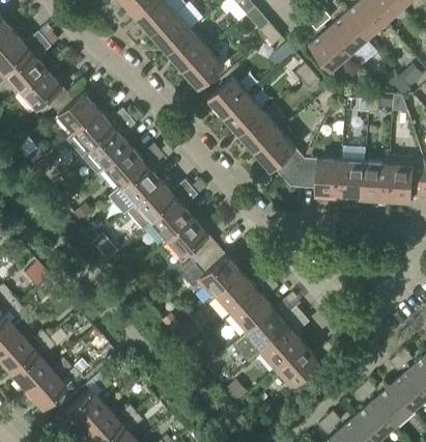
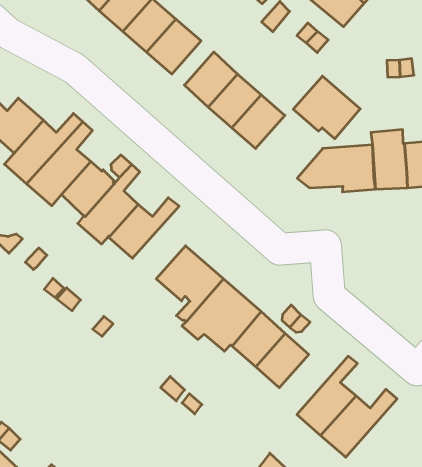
building: [255,131,305,178] -> [293,76,360,139]
building: [146,188,199,244] -> none
building: [235,307,304,362] -> none

